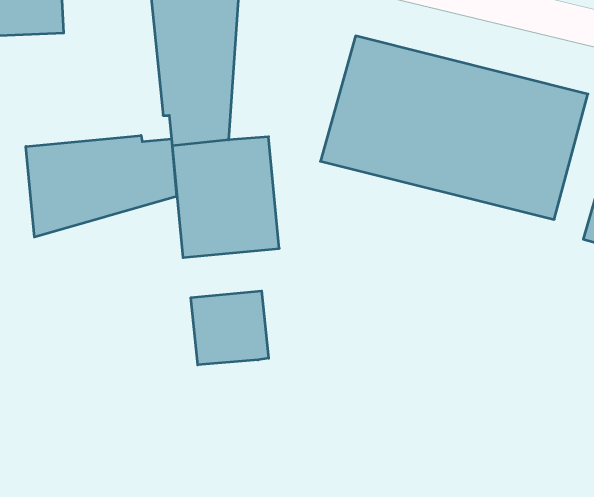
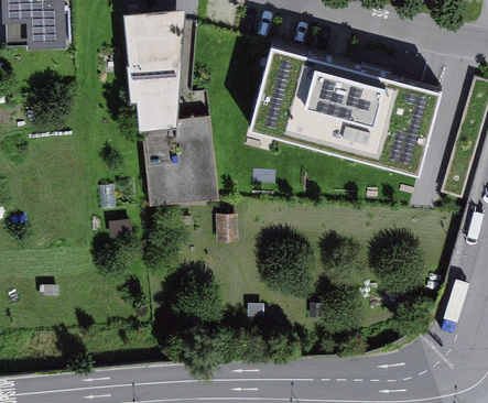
building: [26,135,177,237] -> none
building: [191,291,269,365] -> none

